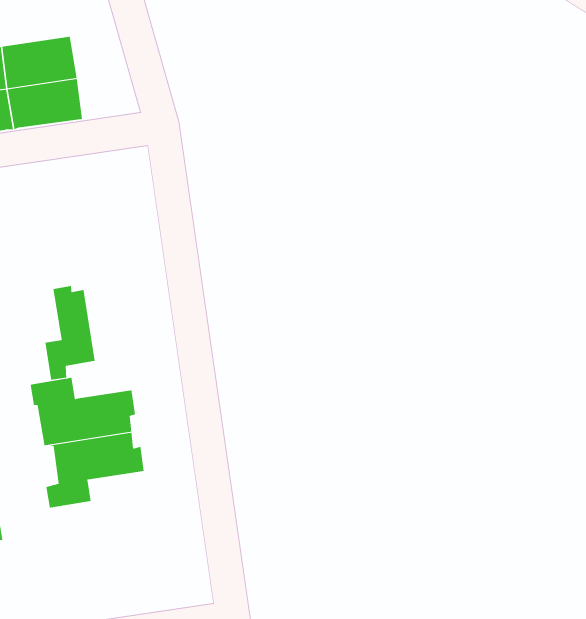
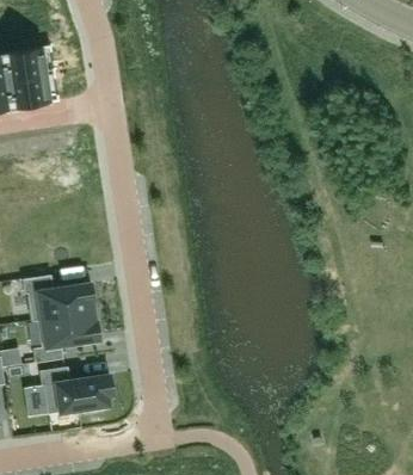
building: [45,285,97,381] -> none
building: none -> [38,368,111,414]

